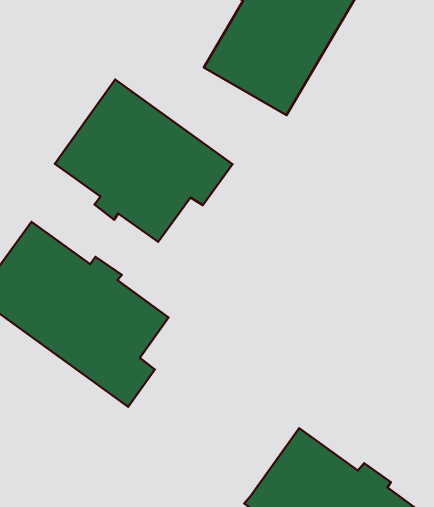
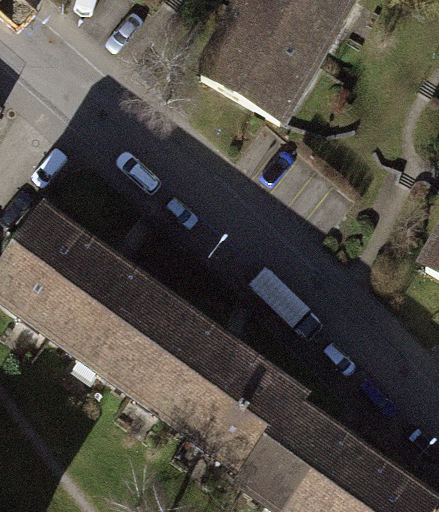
building: [55,79,233,242] -> none
building: none -> [132,306,300,474]

